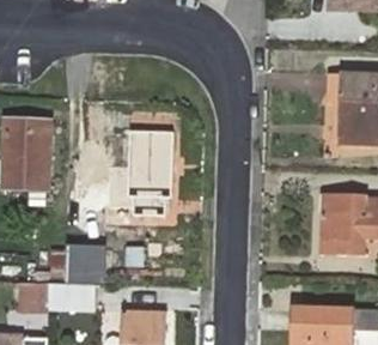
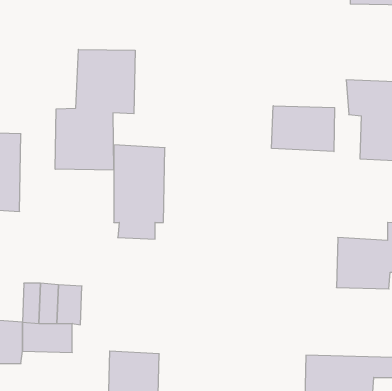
building: none -> [55,49,135,170]
building: none -> [272,106,335,152]

